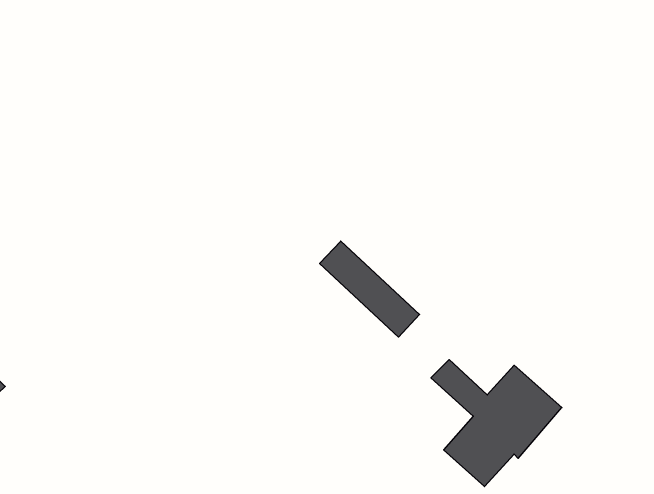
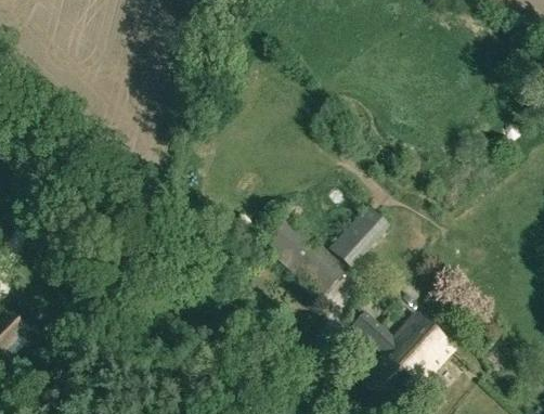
building: none -> [327,210,385,270]

